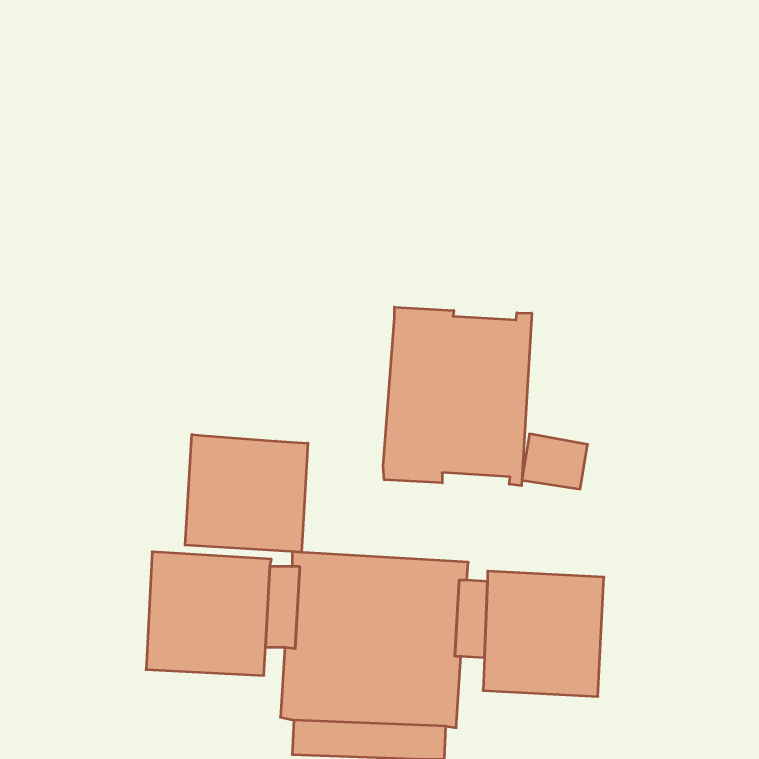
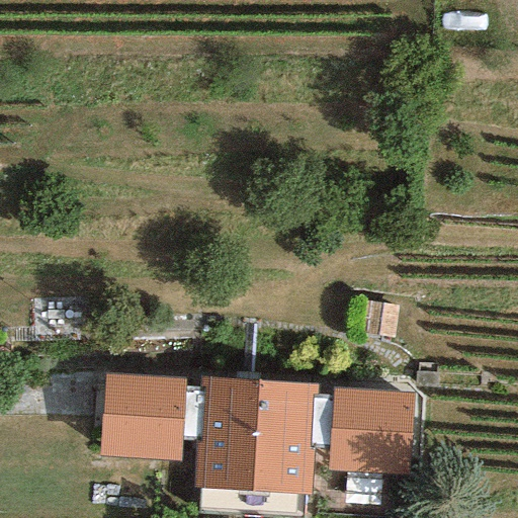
building: [383,307,532,486] -> none
building: [185,434,308,552] -> none

